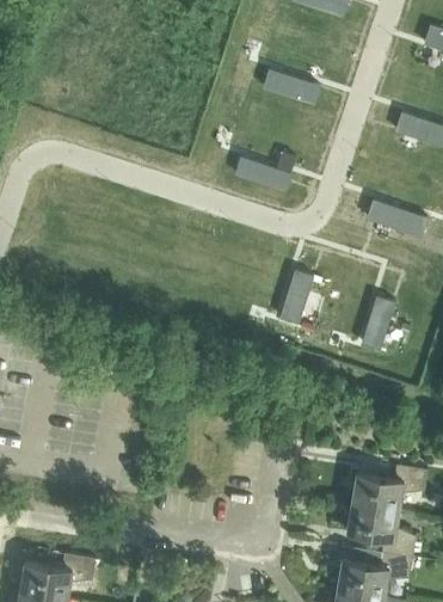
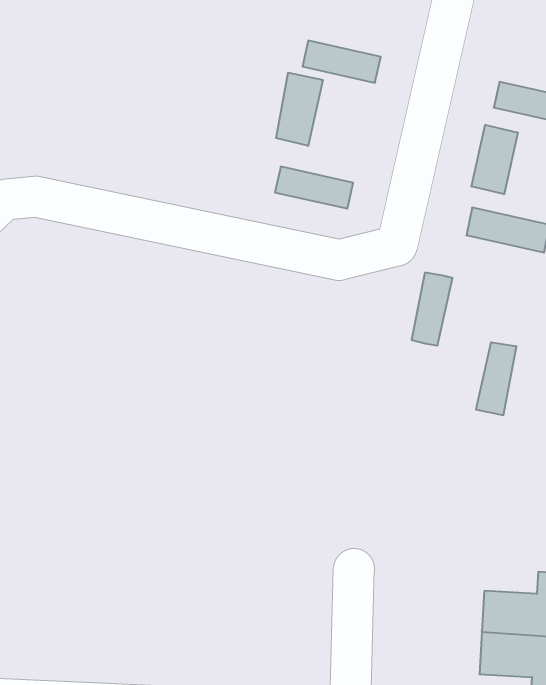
building: none -> [276,73,323,146]
building: none -> [471,125,518,194]
building: [281,270,314,322] -> [412,273,453,346]

